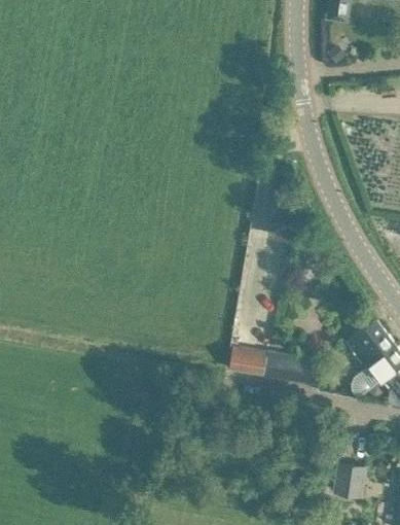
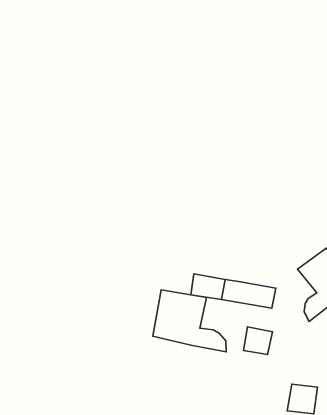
building: none -> [153,290,226,352]
building: none -> [243,327,272,354]

